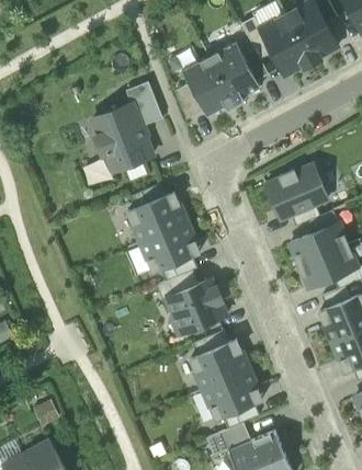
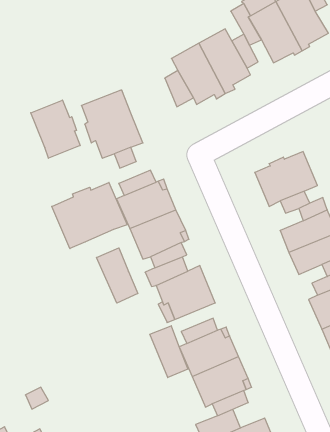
building: [126,81,163,126] -> none
building: none -> [31,100,80,158]
building: none -> [52,182,127,249]
building: none -> [97,248,138,303]
building: none -> [150,326,188,378]

